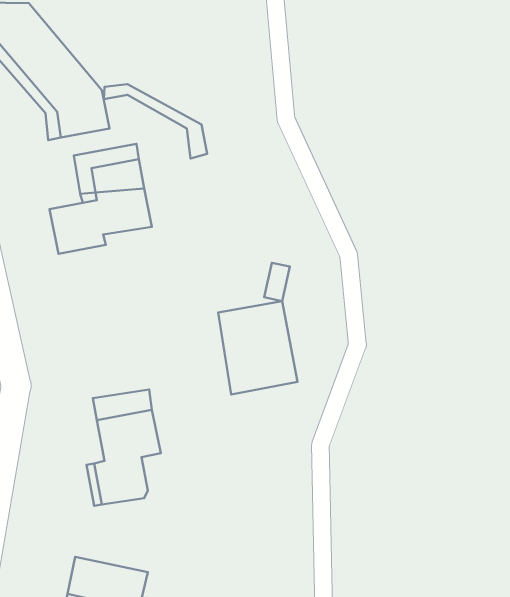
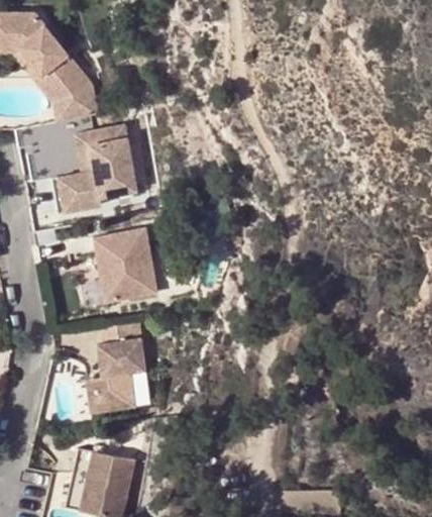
building: [104,84,207,158] -> none
building: [218,301,298,394] -> [94,229,156,303]

